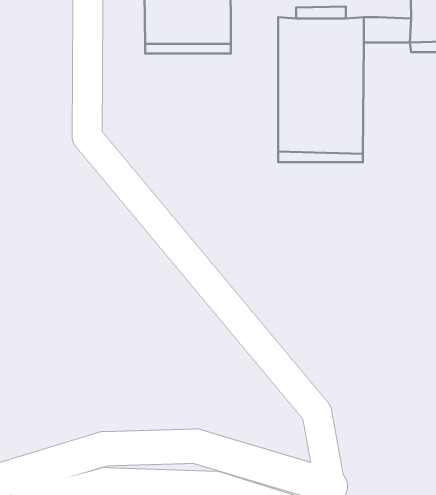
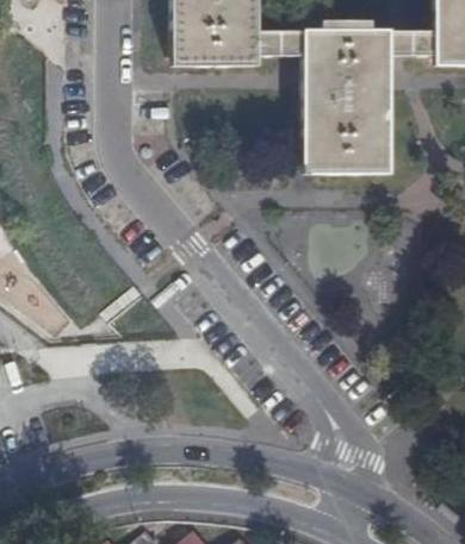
building: none -> [259,31,305,57]

